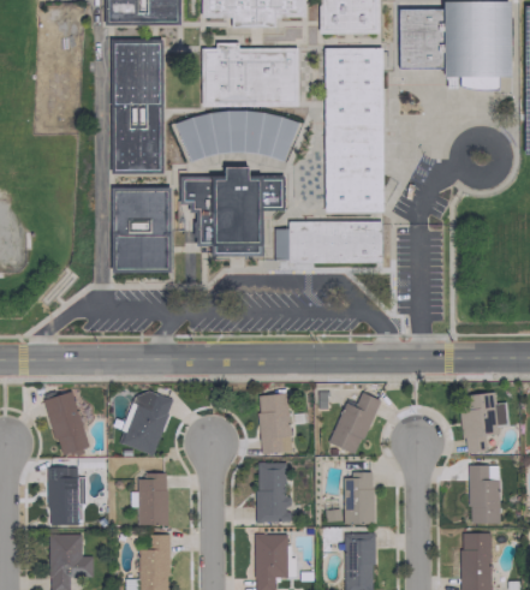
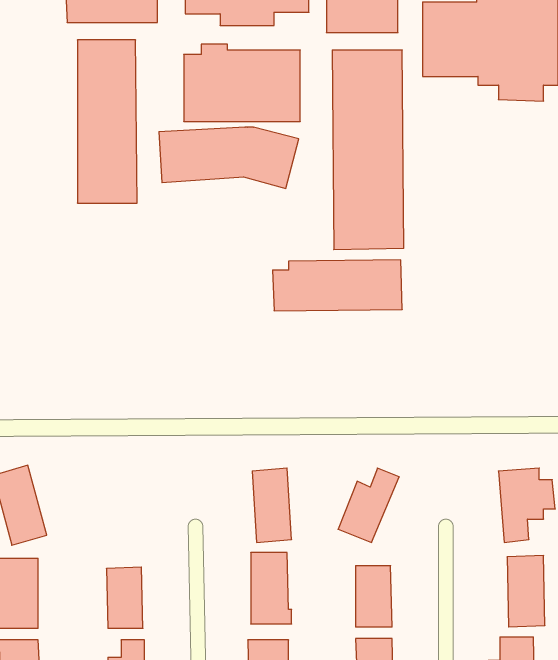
building: [180,166,285,256] -> none
building: [112,185,172,272] -> none
building: [121,391,174,454] -> none

